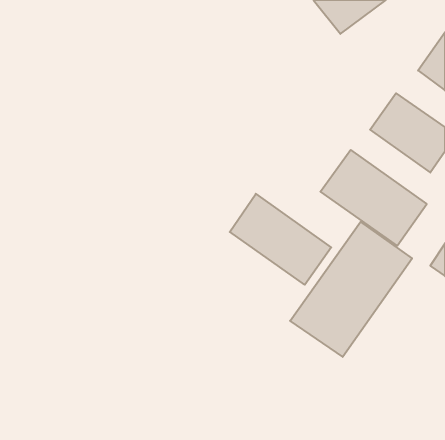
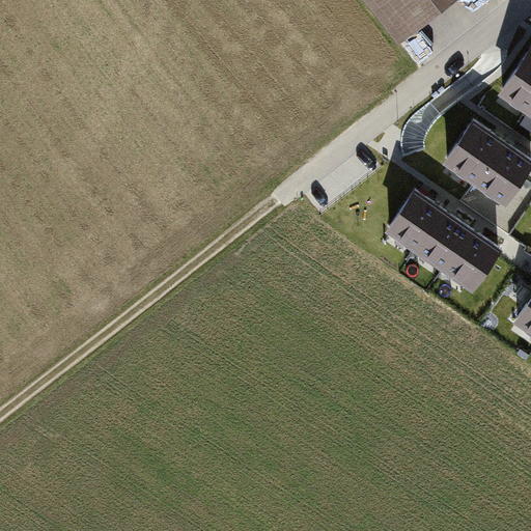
building: [230,194,331,285] -> none
building: [290,222,412,357] -> none

